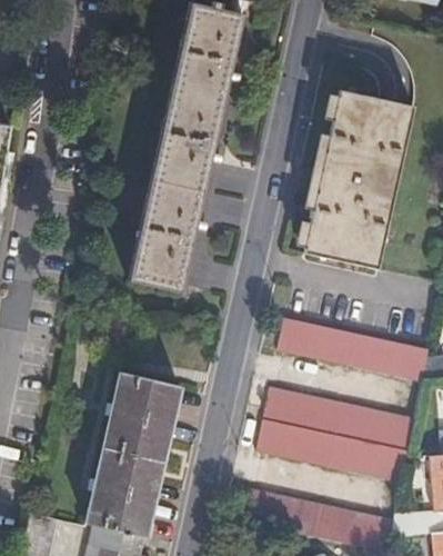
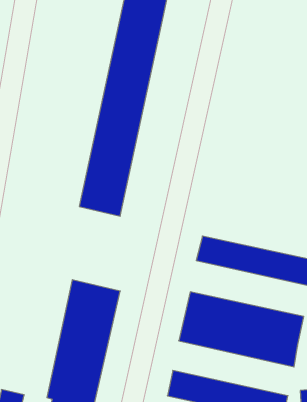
building: [304,90,412,267] -> none

